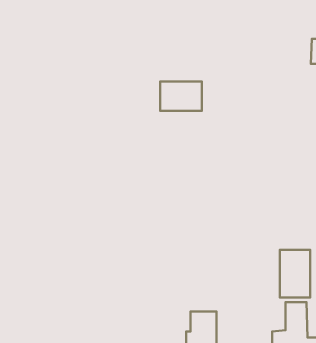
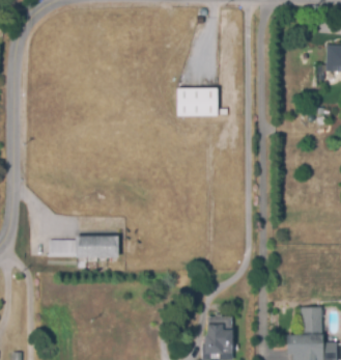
building: none -> [50,237,118,258]
building: [280,250,310,297] -> none

